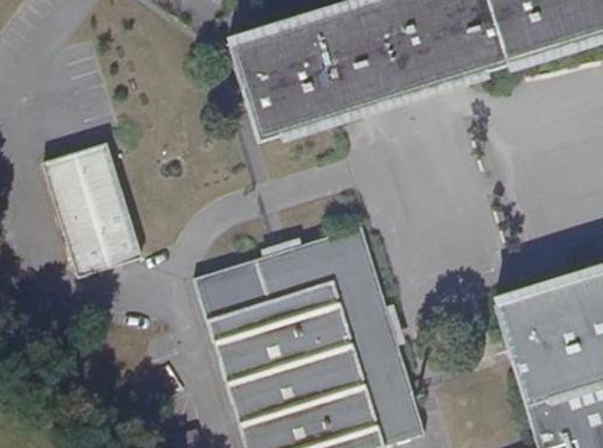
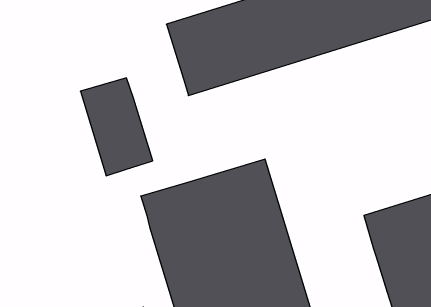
building: [44,143,141,275] -> [80,78,153,176]

